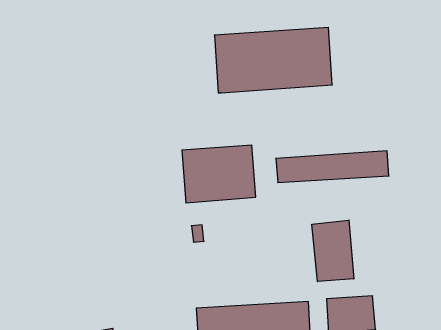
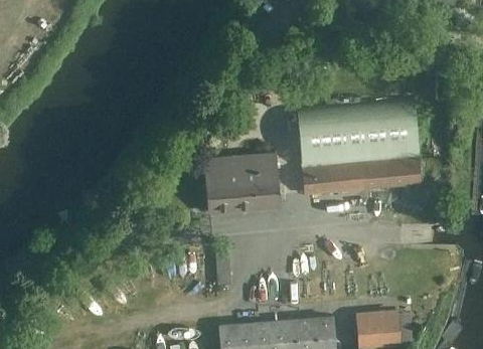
building: [214,27,332,93] -> [295,100,419,168]
building: [312,220,354,282] -> none

